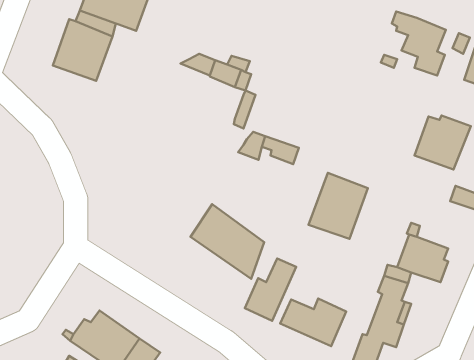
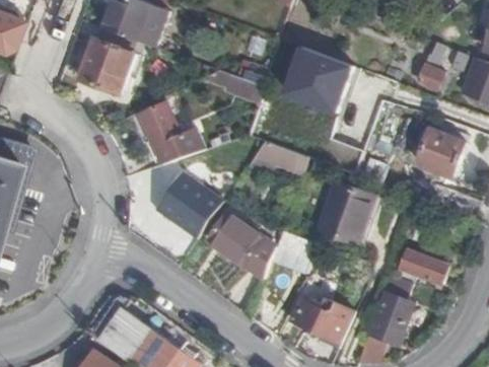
building: none -> [284,45,357,114]
building: none -> [138,102,206,164]
building: none -> [156,171,223,237]
building: [245,258,296,321] -> none

